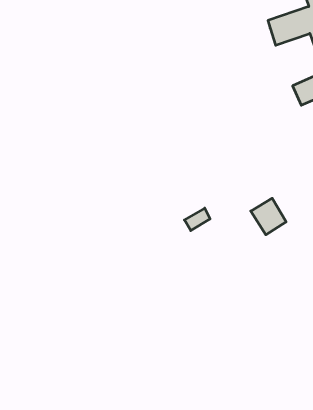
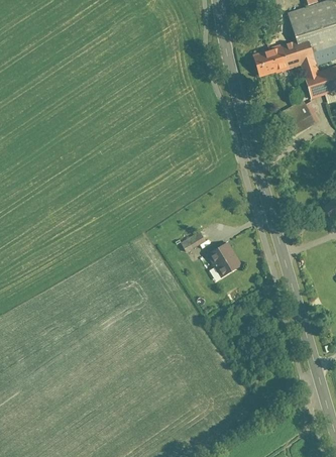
building: [251,198,286,235] -> [210,242,243,276]

